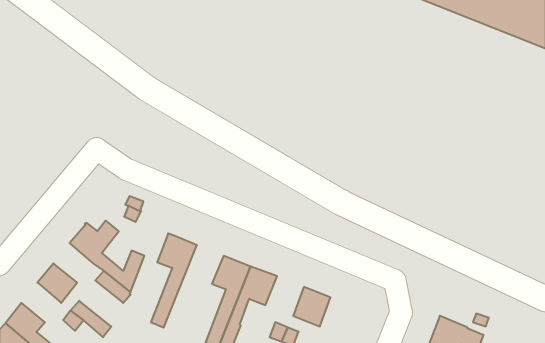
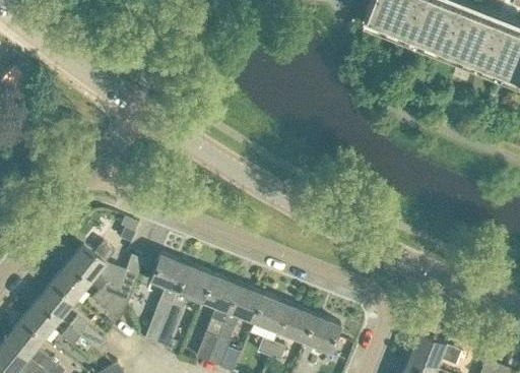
building: none -> [52,263,89,301]
building: none -> [156,265,213,348]
building: none -> [253,295,289,332]
building: none -> [21,301,59,338]
building: none -> [305,315,339,352]

